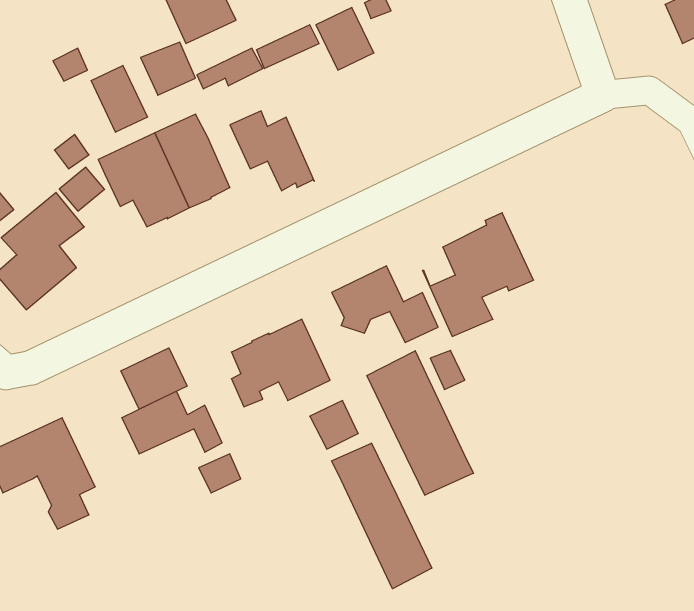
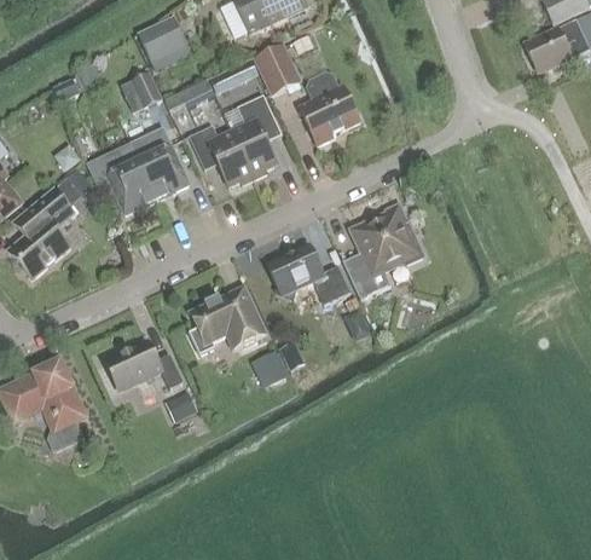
building: none -> [300,73,360,144]
building: [91,65,147,132] -> none
building: none -> [232,94,282,179]
building: [121,348,187,409] -> none
building: [367,351,474,495] -> none
building: [332,443,432,589] -> none

